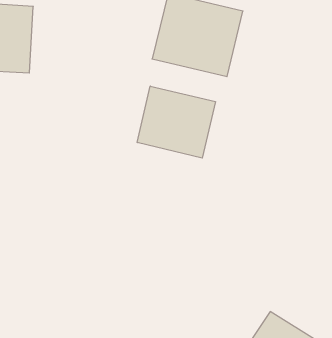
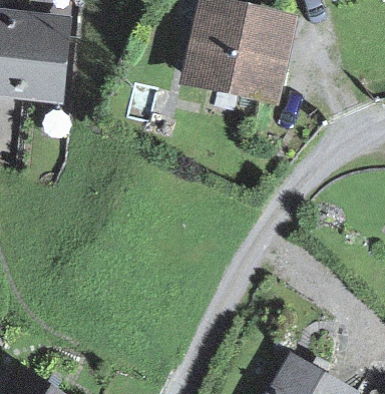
building: [137,86,215,158] -> none

